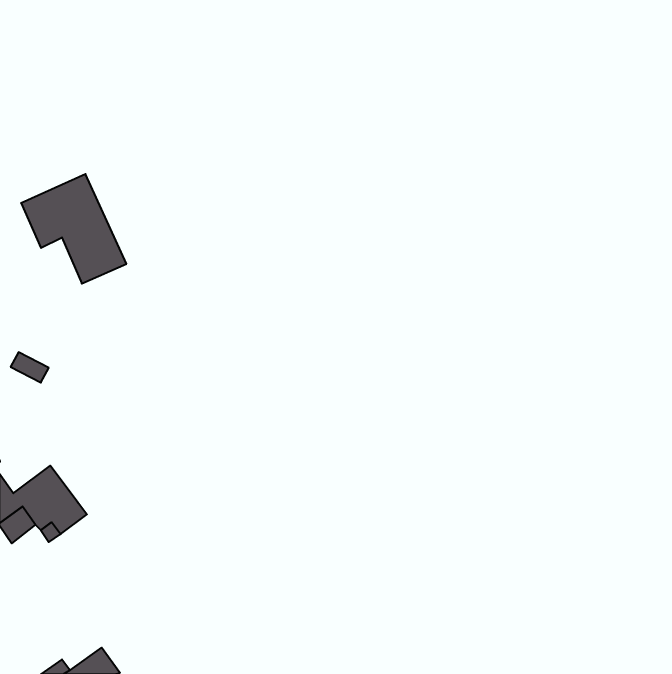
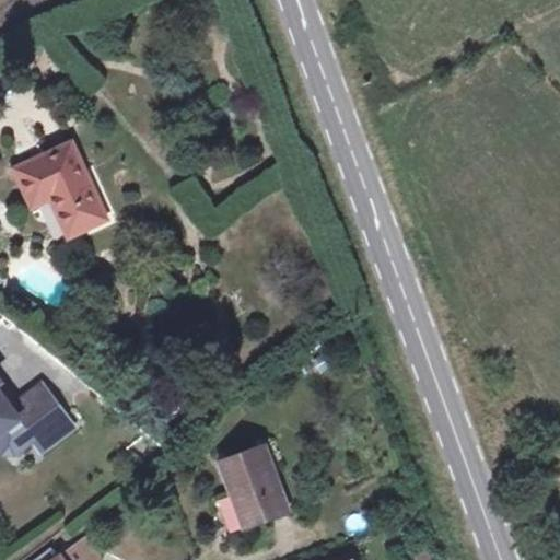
building: none -> [220,445,289,526]

